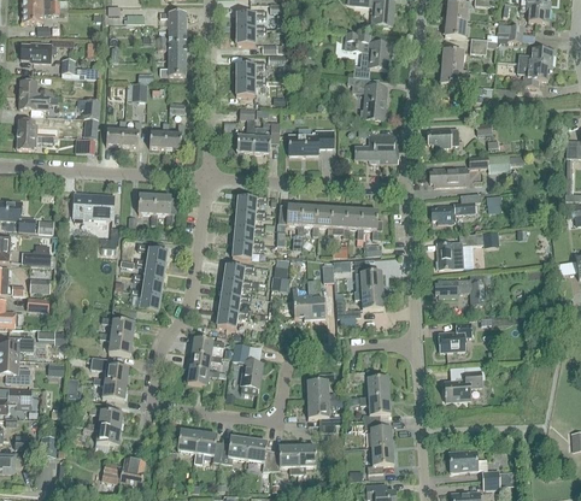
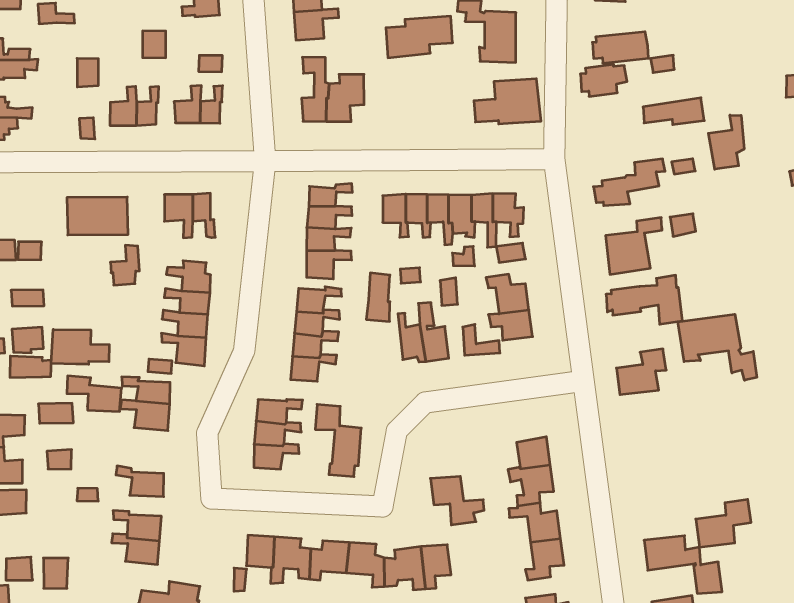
building: [288,129,333,154] -> [386,16,453,58]
building: none -> [708,115,744,169]
building: [429,166,466,185] -> [592,32,649,63]
building: none -> [51,329,109,364]
building: none -> [678,314,757,380]
building: [90,356,128,383] -> [67,376,122,411]
building: [444,370,481,400] -> [696,499,751,547]
building: [305,372,335,399] -> none

